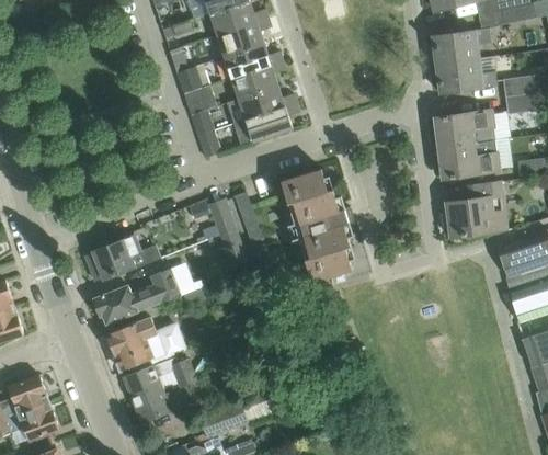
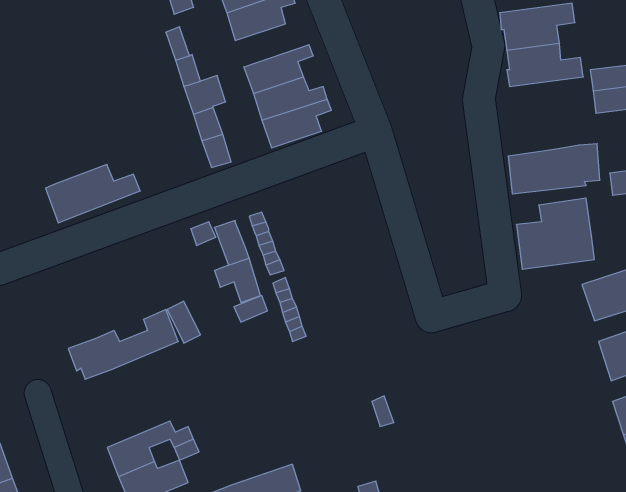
building: [224,44,282,78] -> none
building: [434,110,494,148] -> none
building: [281,169,352,282] -> none
building: [84,236,159,282] -> [46,164,140,223]
building: [105,317,185,371] -> none

